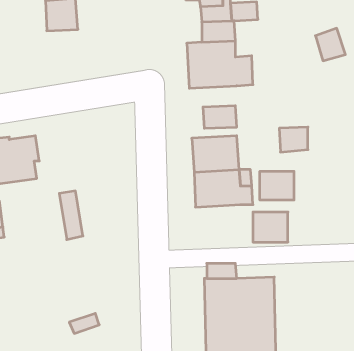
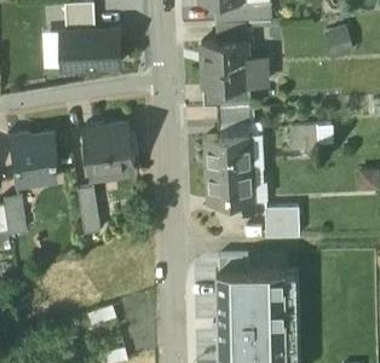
building: none -> [62,30,121,73]
building: none -> [203,86,251,106]
building: none -> [84,122,134,174]
building: [260,171,294,200] -> none

